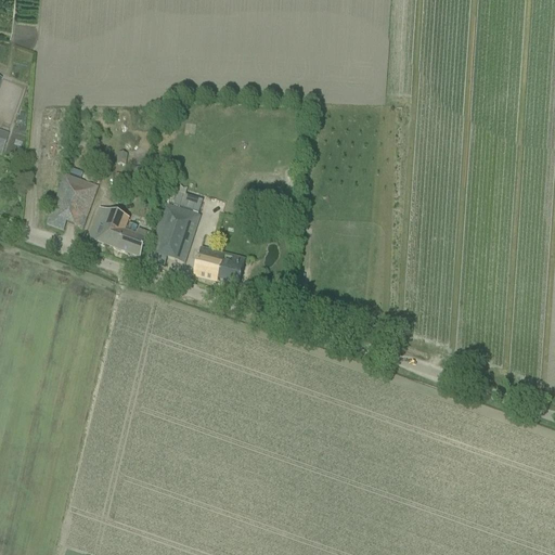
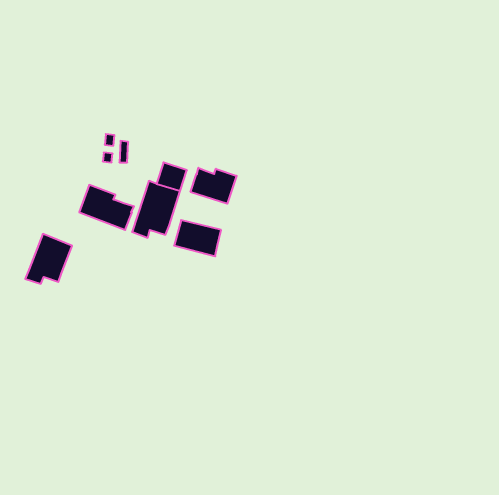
building: [47,171,99,227] -> [25,234,72,284]
building: none -> [191,168,237,204]

